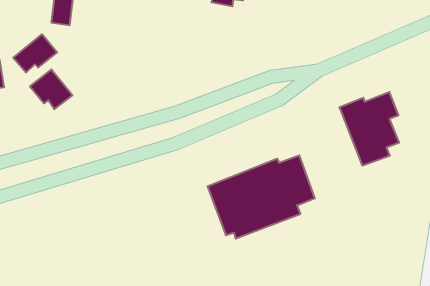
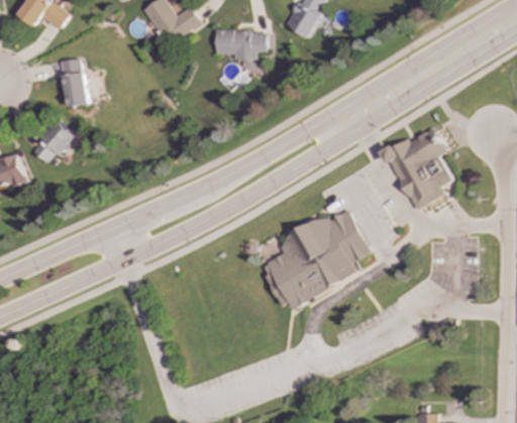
building: [30,69,72,109] -> none

